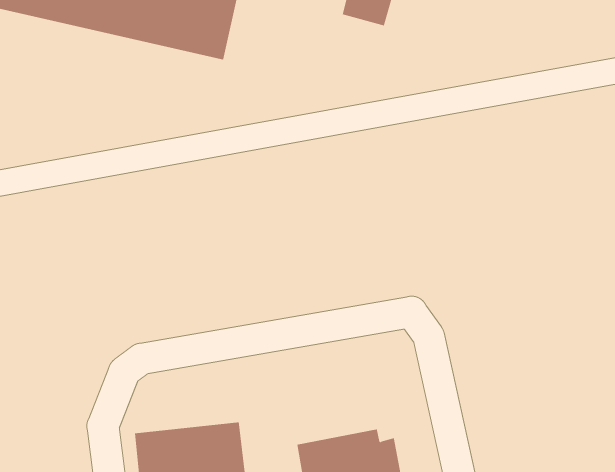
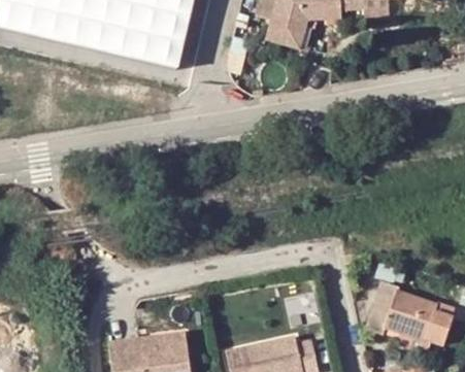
building: none -> [362,277,439,336]

